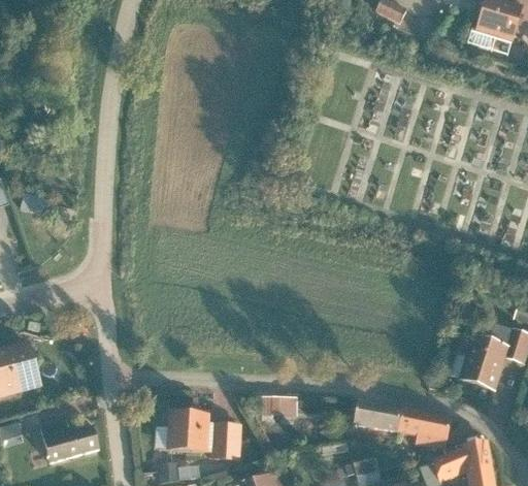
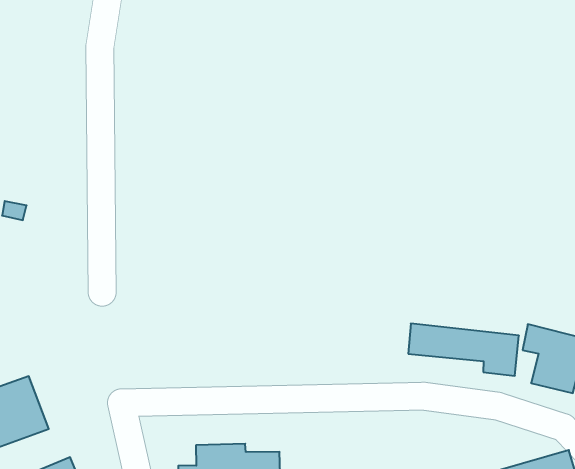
building: [353,397,449,449] -> [408,324,519,376]
building: [259,399,294,418] -> none

